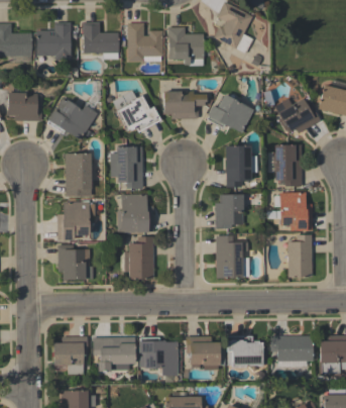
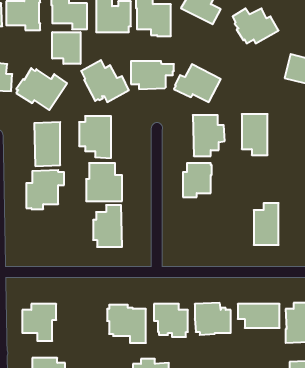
building: none -> [52,32,80,64]
building: [274,98,321,133] -> [233,8,279,43]
building: [279,193,312,231] -> none
building: [215,235,249,278] -> none
building: [57,244,93,281] -> none
building: [93,336,135,372] -> none

